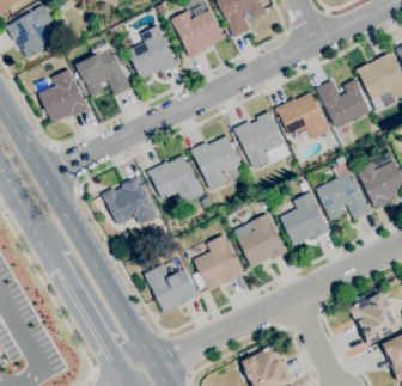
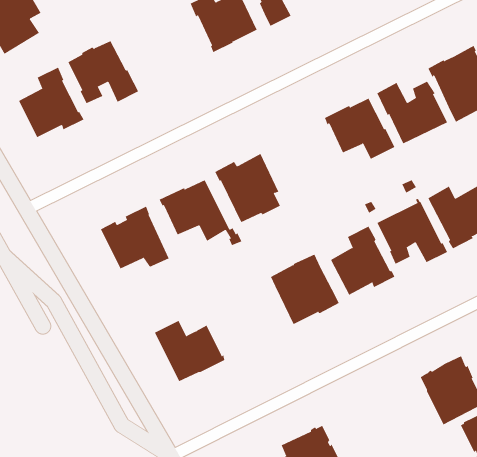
building: [127,25,178,79] -> none
building: [233,110,288,169] -> none
building: [193,234,244,292] -> none

